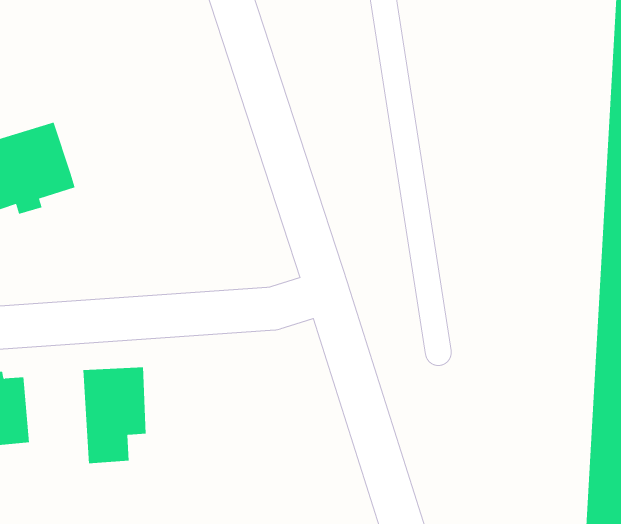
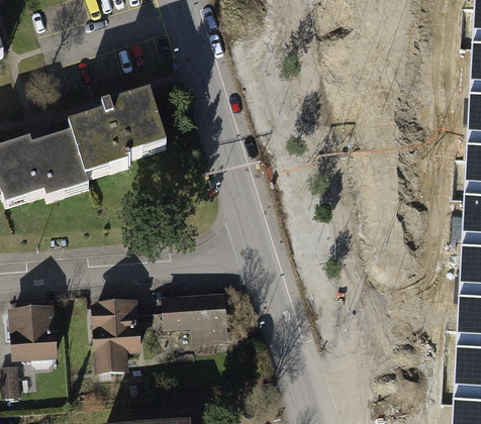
building: none -> [72,87,168,166]
building: none -> [166,294,229,343]

